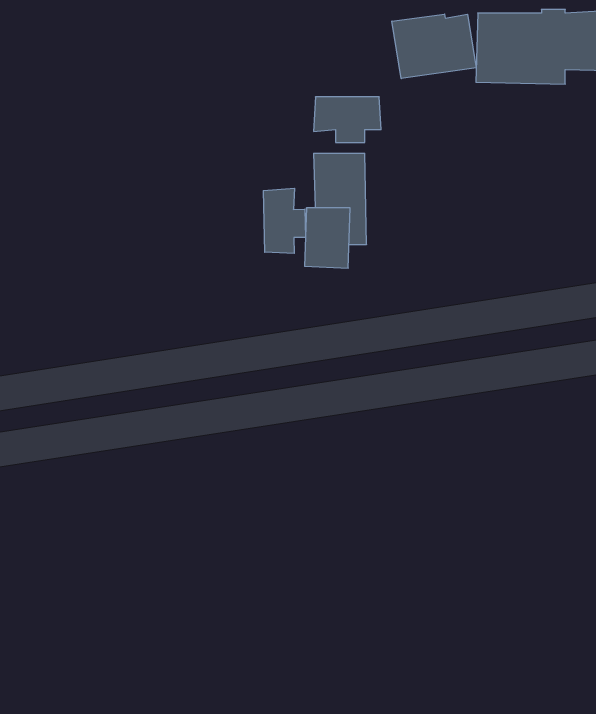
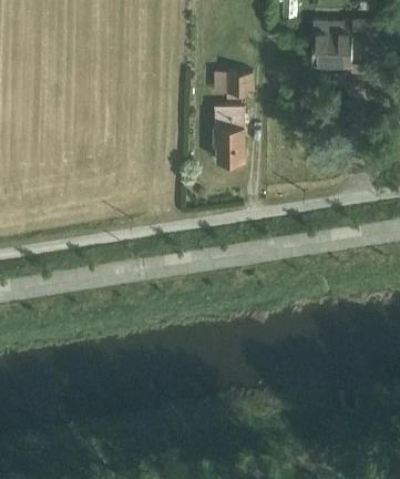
building: [392,14,476,79] -> none
building: [263,188,305,253] -> none

